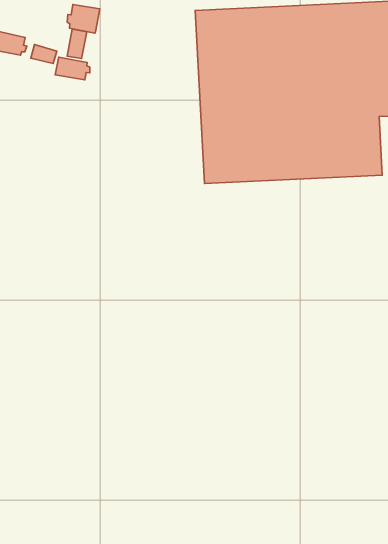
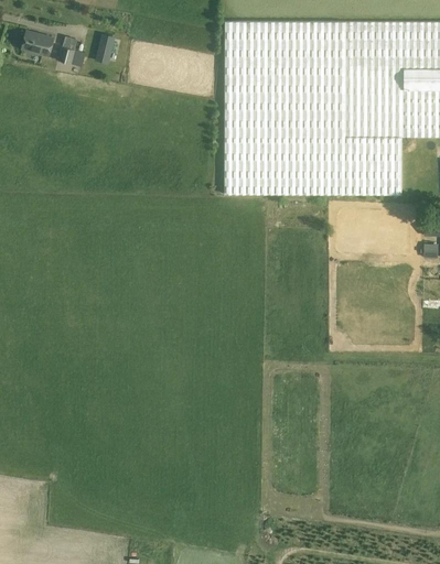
building: [67,5,100,33] -> none
building: [55,57,90,80] -> none

